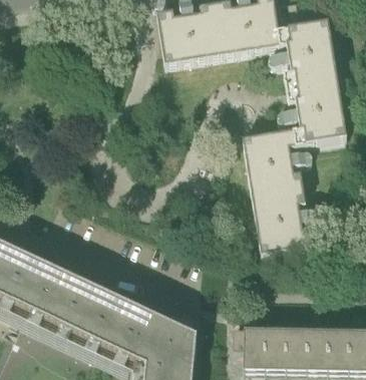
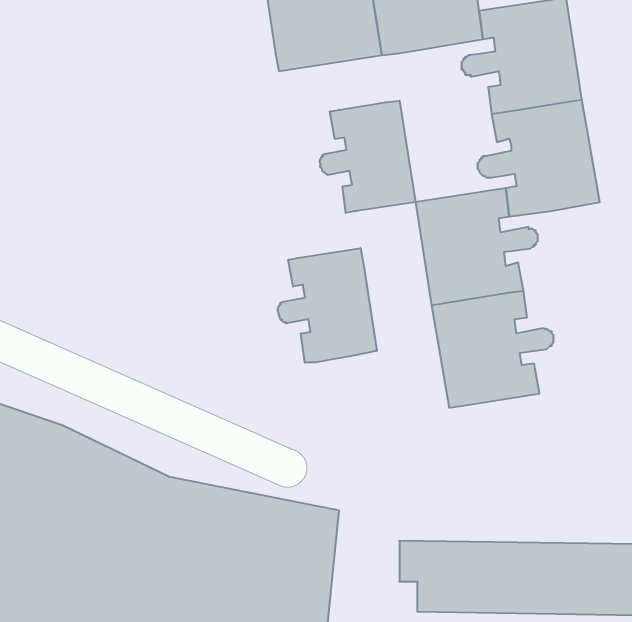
building: none -> [320,101,415,213]
building: none -> [278,248,377,363]

